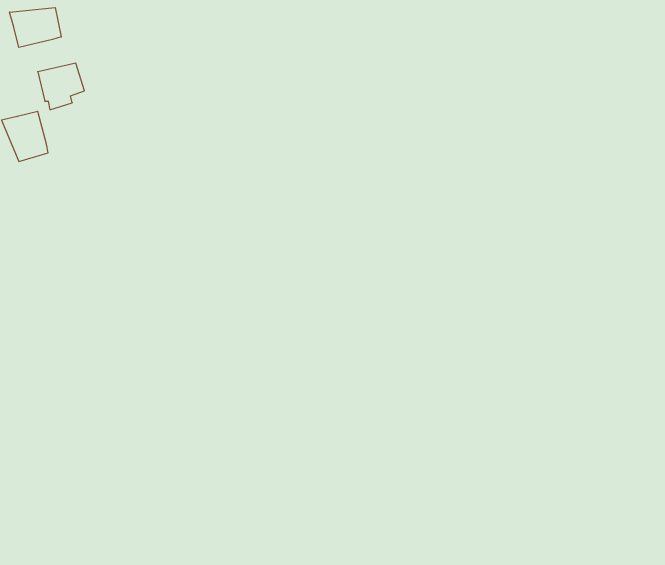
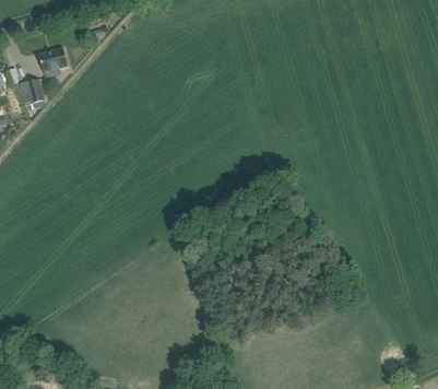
building: [10,8,61,47] -> none

